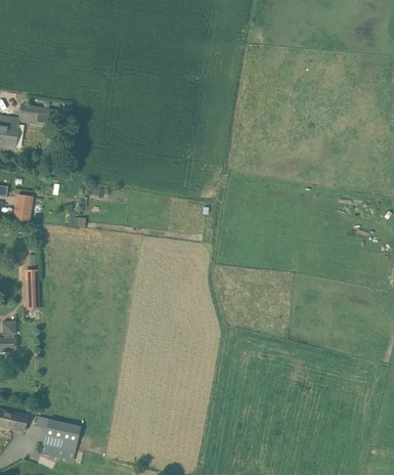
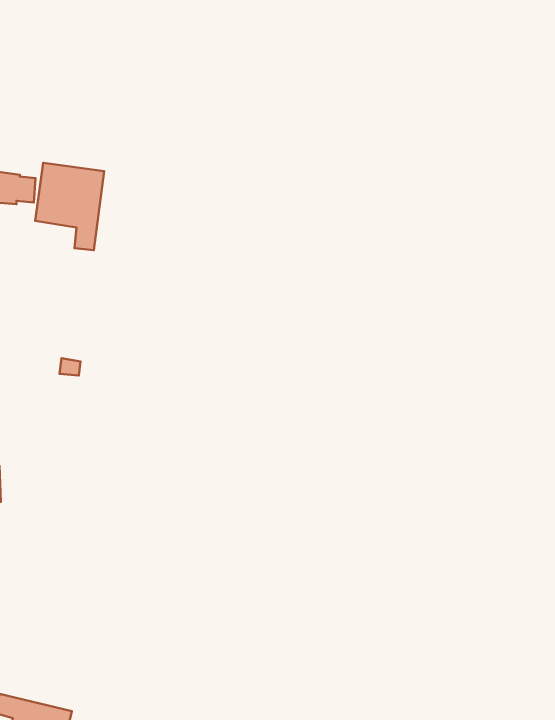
building: none -> [35,163,104,250]

